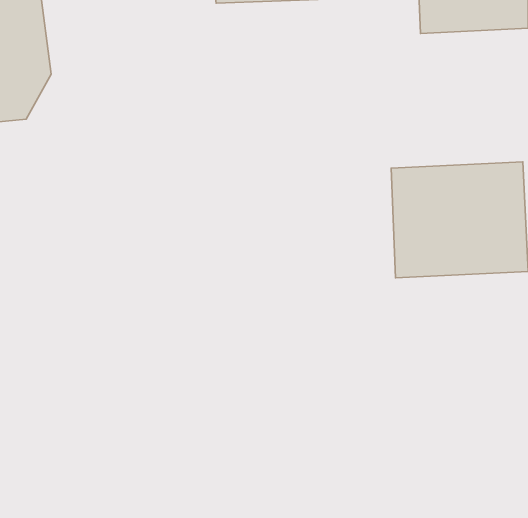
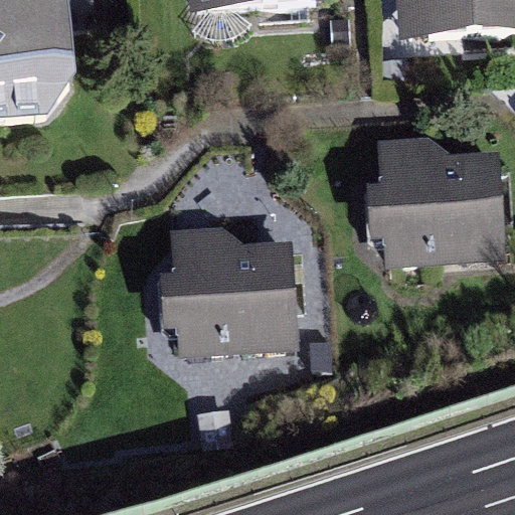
building: none -> [158,243,298,353]

